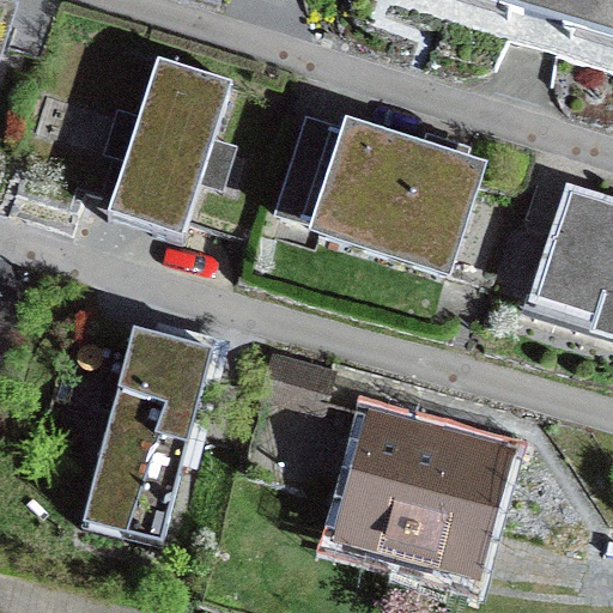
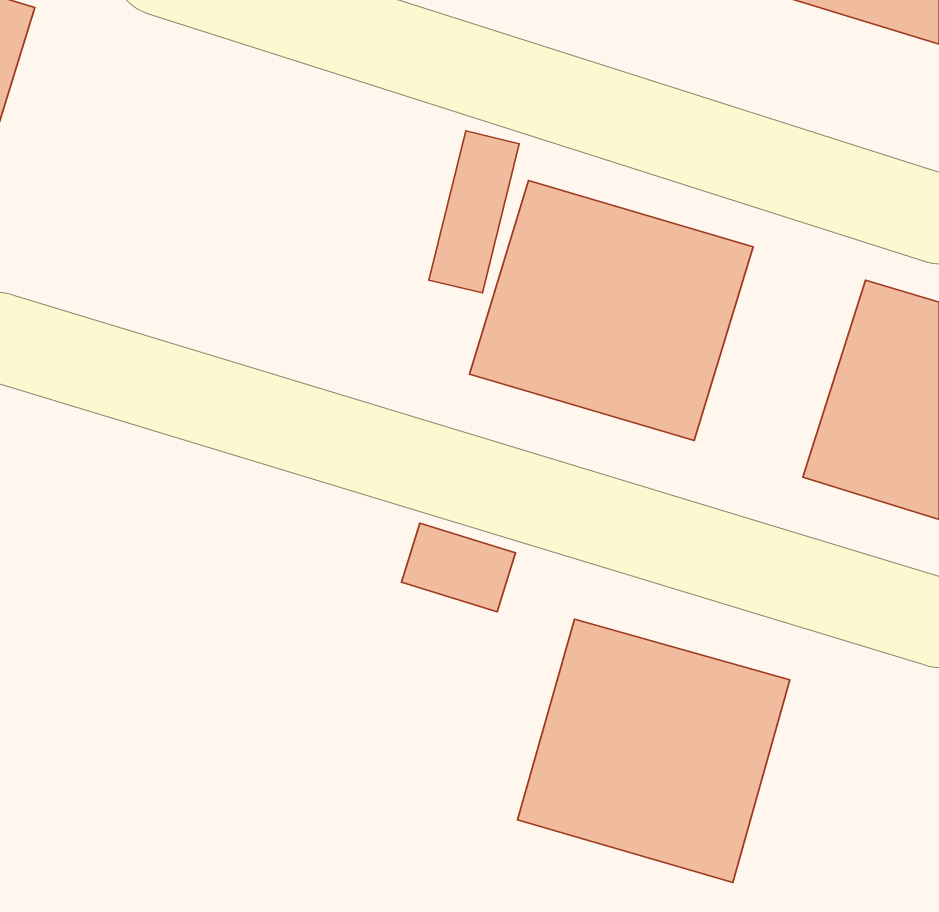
building: [108,63,232,245] -> none
building: [84,327,216,541] -> none

